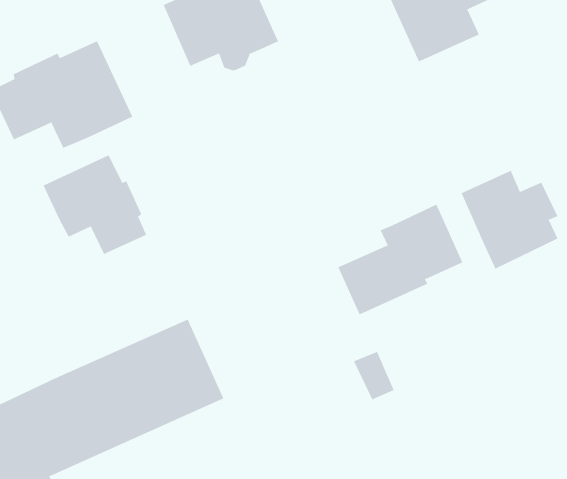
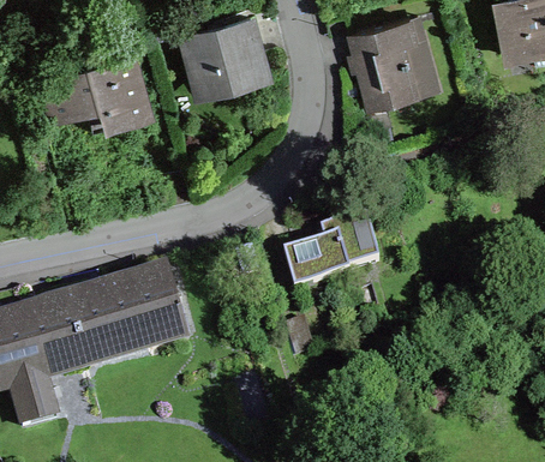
building: [43,154,147,255] -> none
building: [461,170,558,269] -> none

